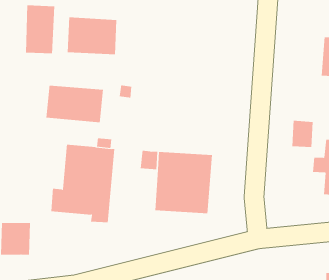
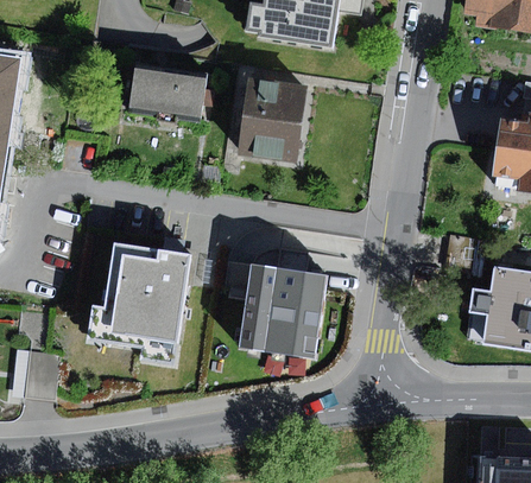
building: [25,4,55,54] -> none
building: none -> [236,75,305,160]
building: [46,85,104,123] -> none

